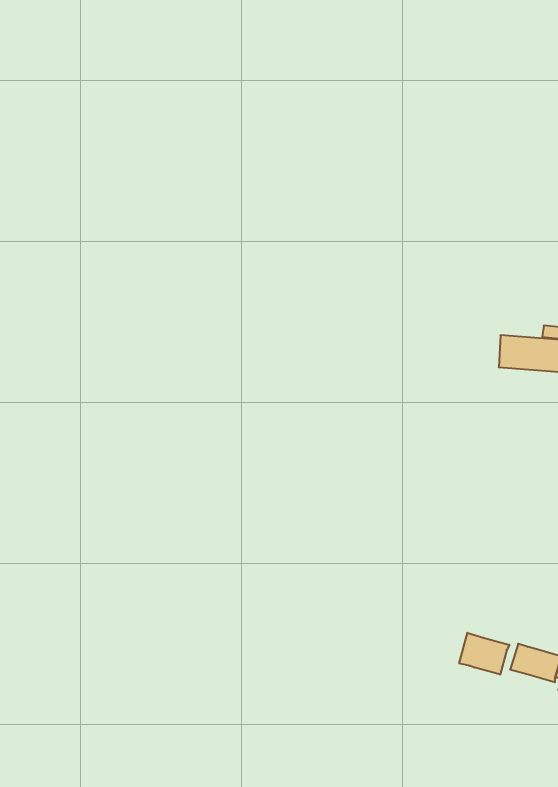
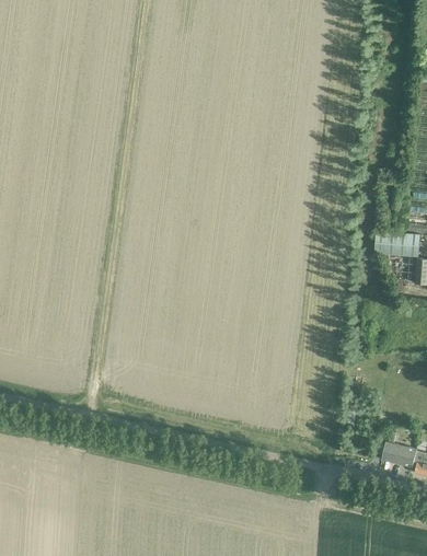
building: [459,633,509,675] -> none

